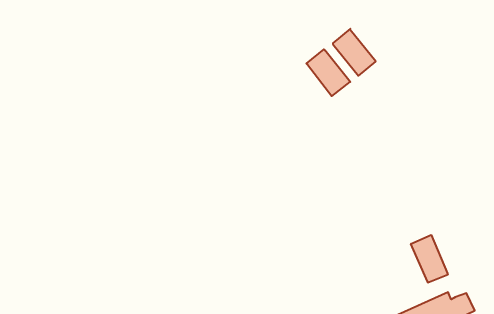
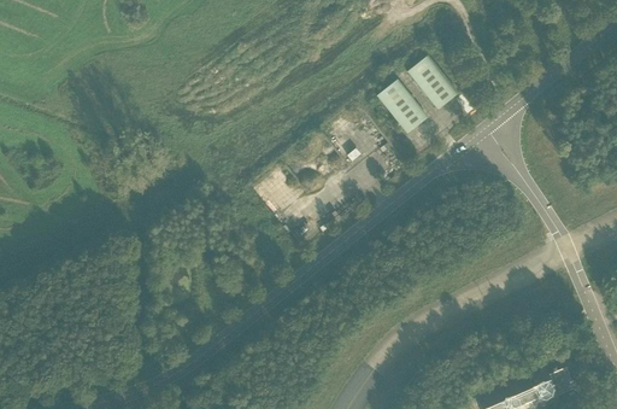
building: [411,235,448,283] -> none

